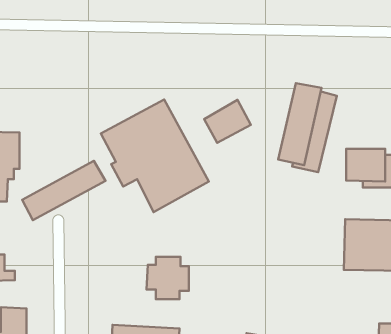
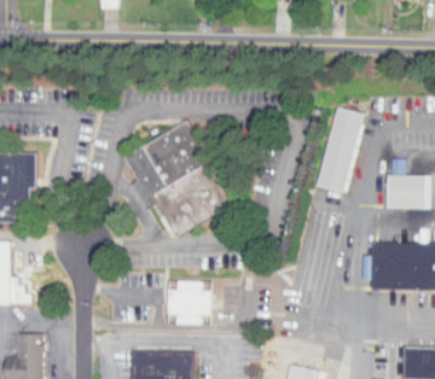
building: [204,100,251,143] -> none
building: [22,161,105,220] -> none

